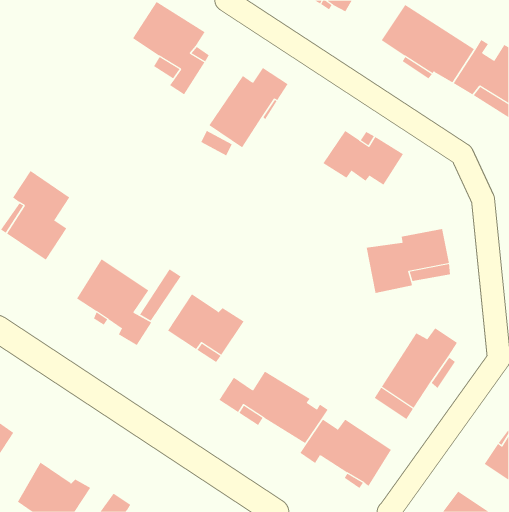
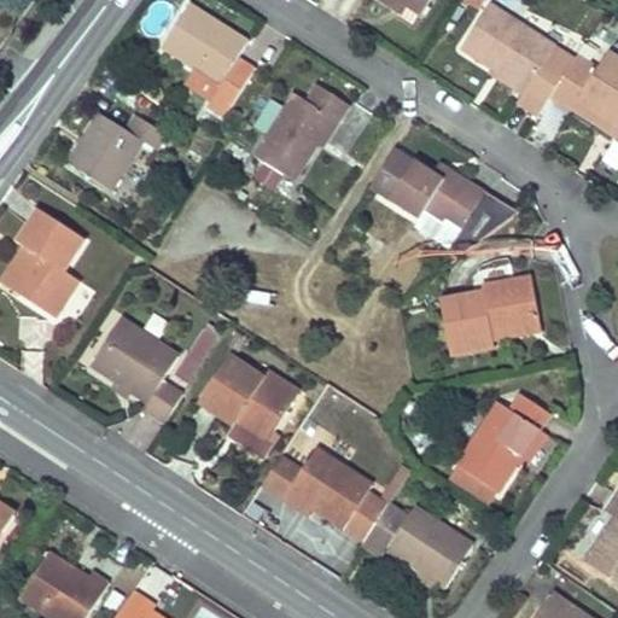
building: none -> [64,110,164,188]
building: none -> [369,144,415,197]
building: none -> [415,186,523,250]

